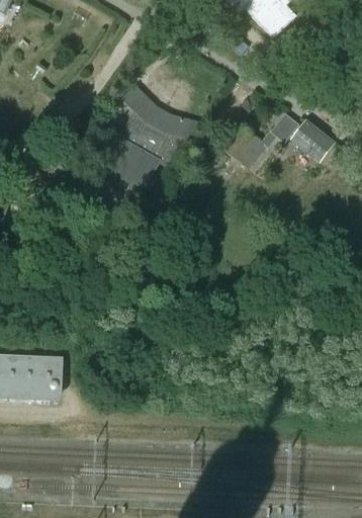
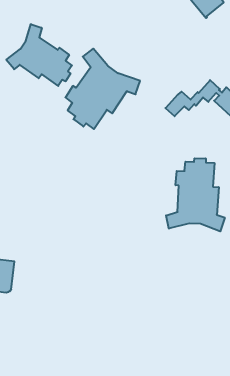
building: none -> [6,24,72,86]
building: none -> [166,158,225,231]

